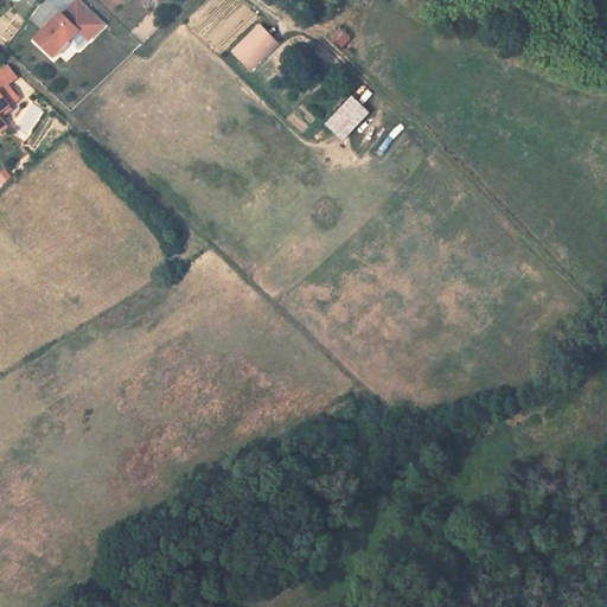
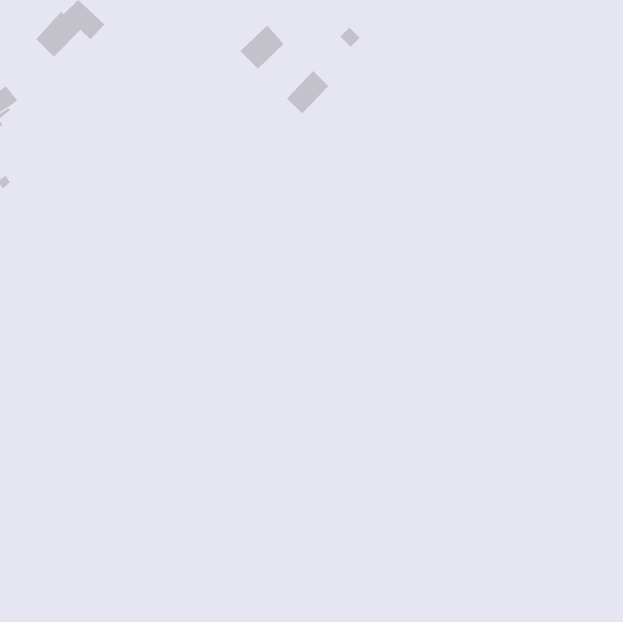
building: [326,96,368,139] -> [286,70,329,114]

